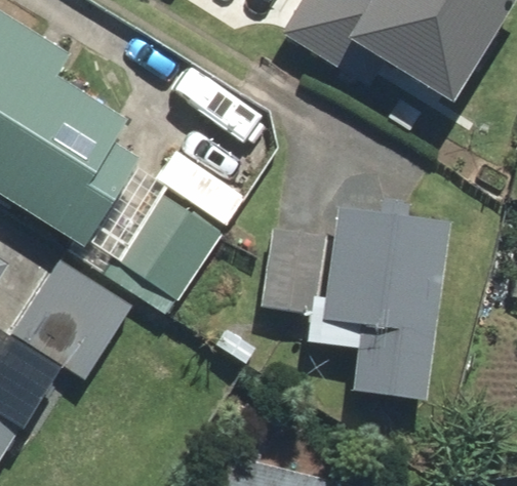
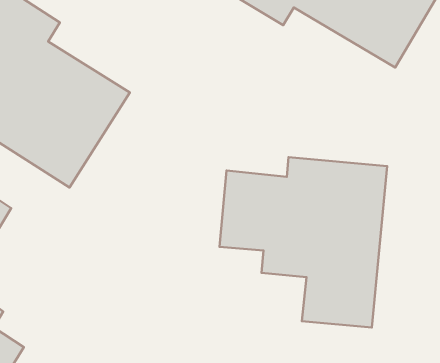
building: [112,189,225,303] -> none
building: [6,257,135,381] -> none

